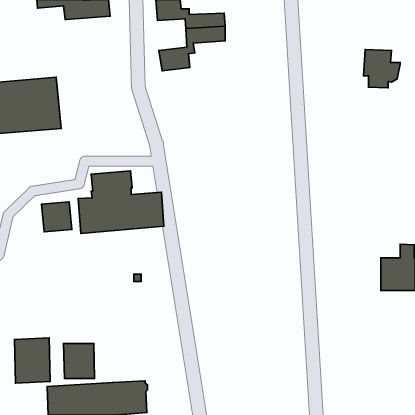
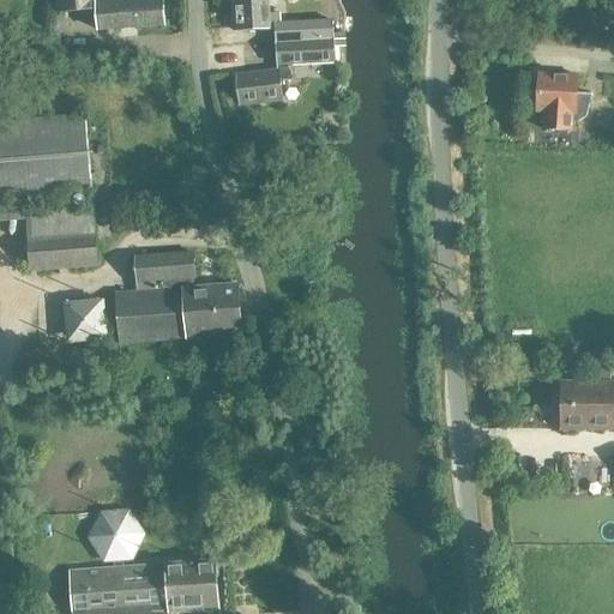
building: none -> [24,205,97,270]
building: [14,338,50,383] -> none

